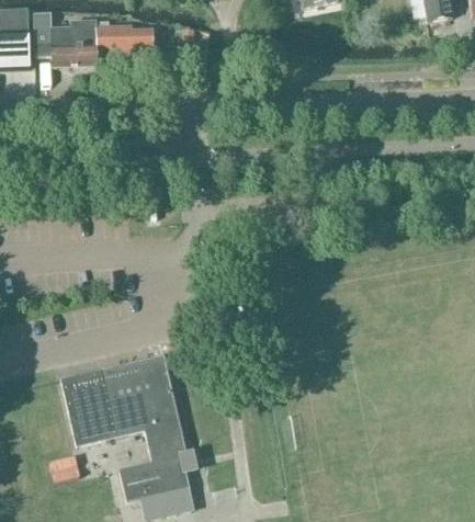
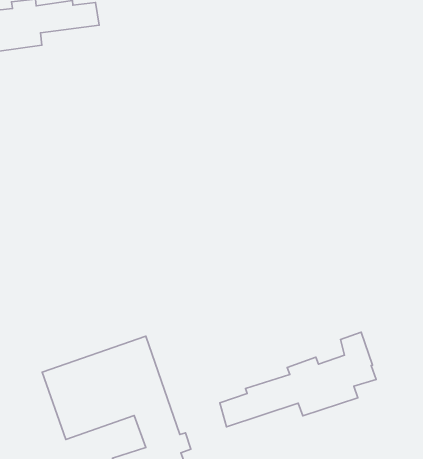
building: none -> [220,332,376,427]

